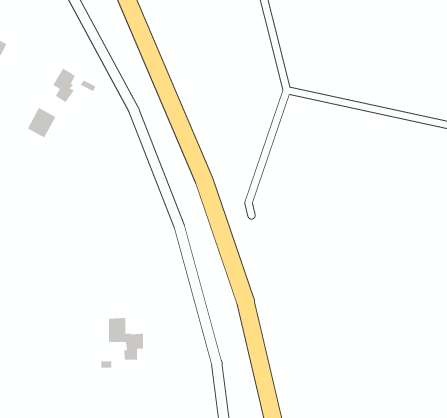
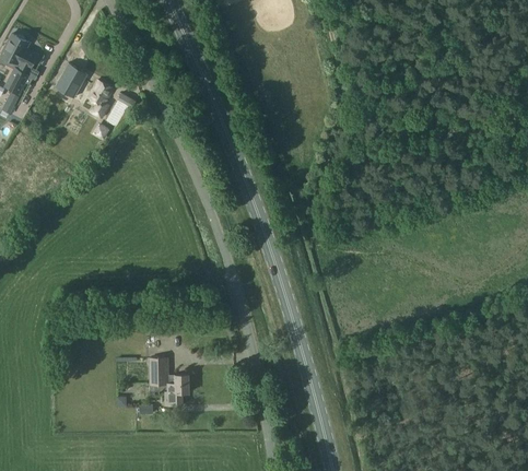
building: [27,107,56,139] -> [56,62,89,97]

